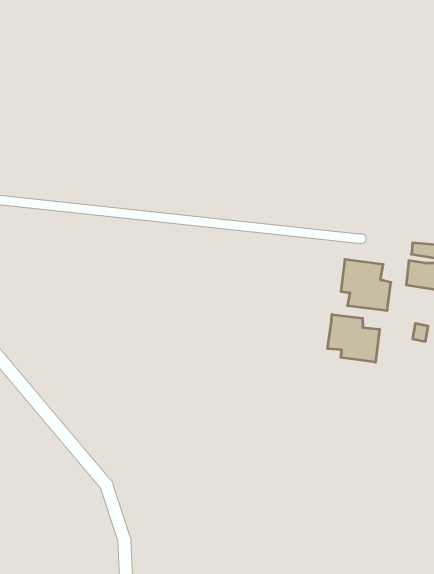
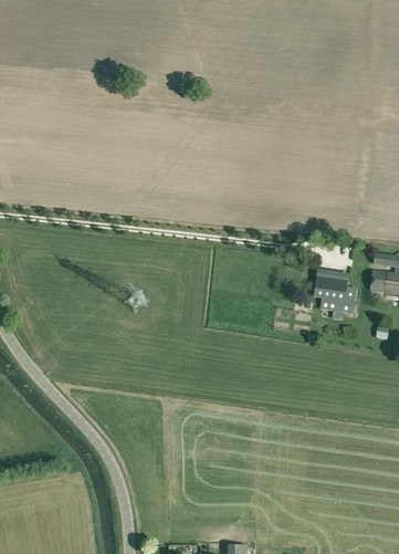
building: [328,314,379,362] -> none

